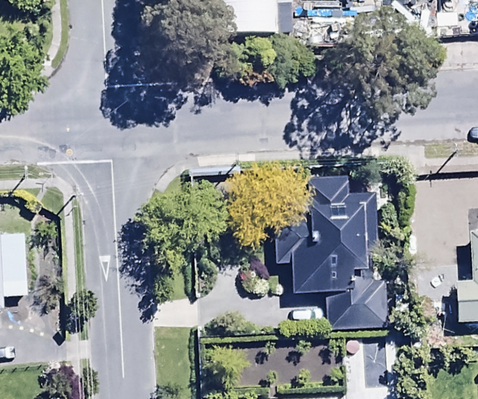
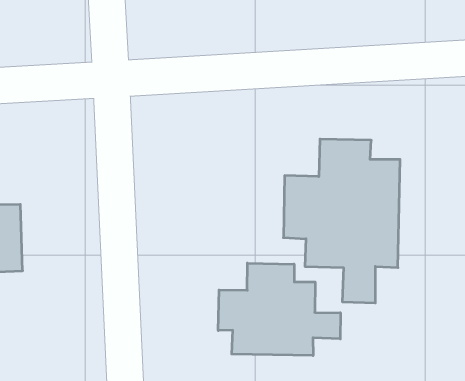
building: none -> [218,263,340,356]

